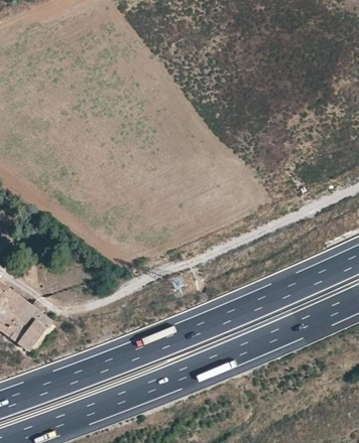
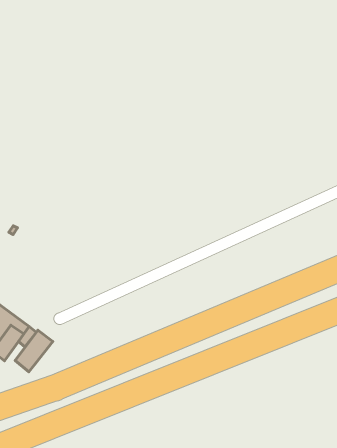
building: none -> [15,330,53,372]

